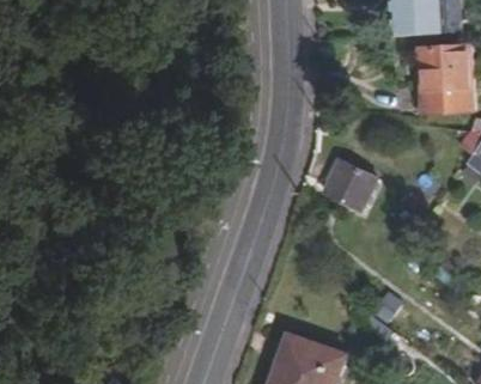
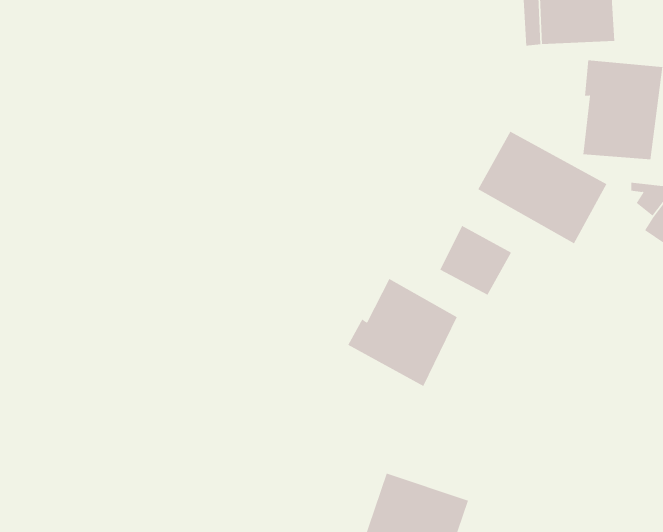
building: none -> [478,131,607,244]
building: none -> [348,278,458,387]

